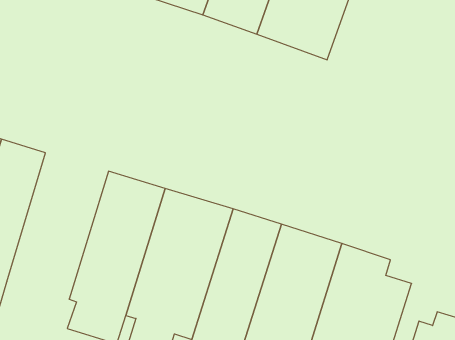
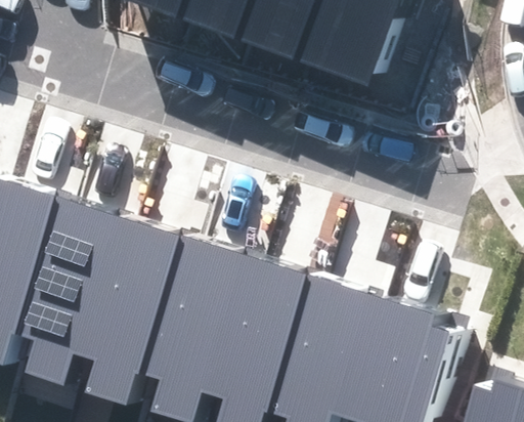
building: none -> [15,194,129,384]

